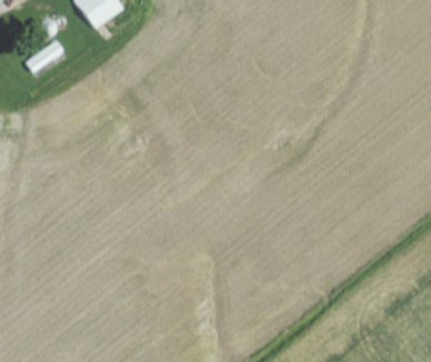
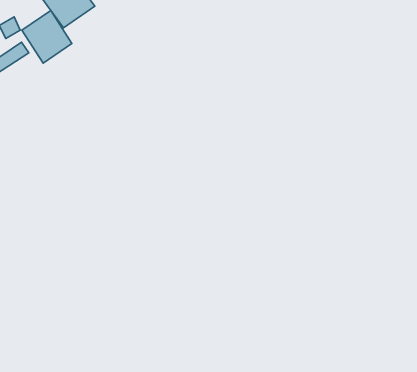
building: none -> [22,11,72,63]

